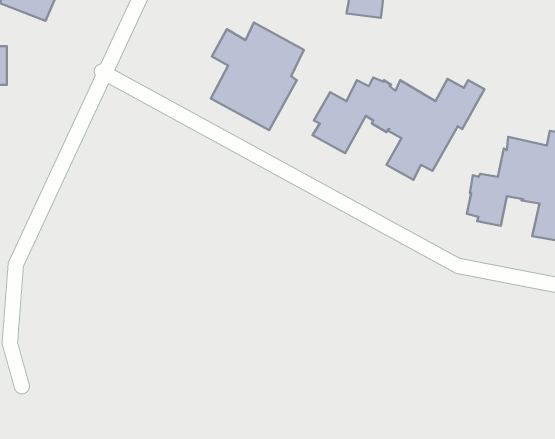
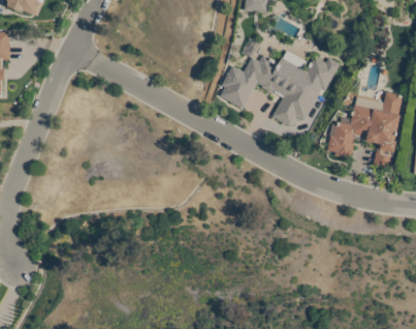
building: [211,23,304,130] -> none

